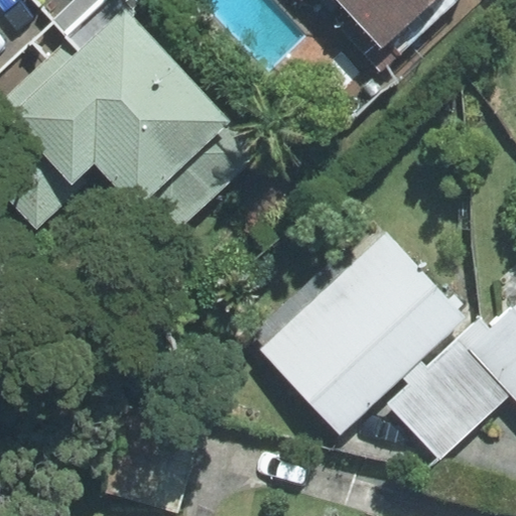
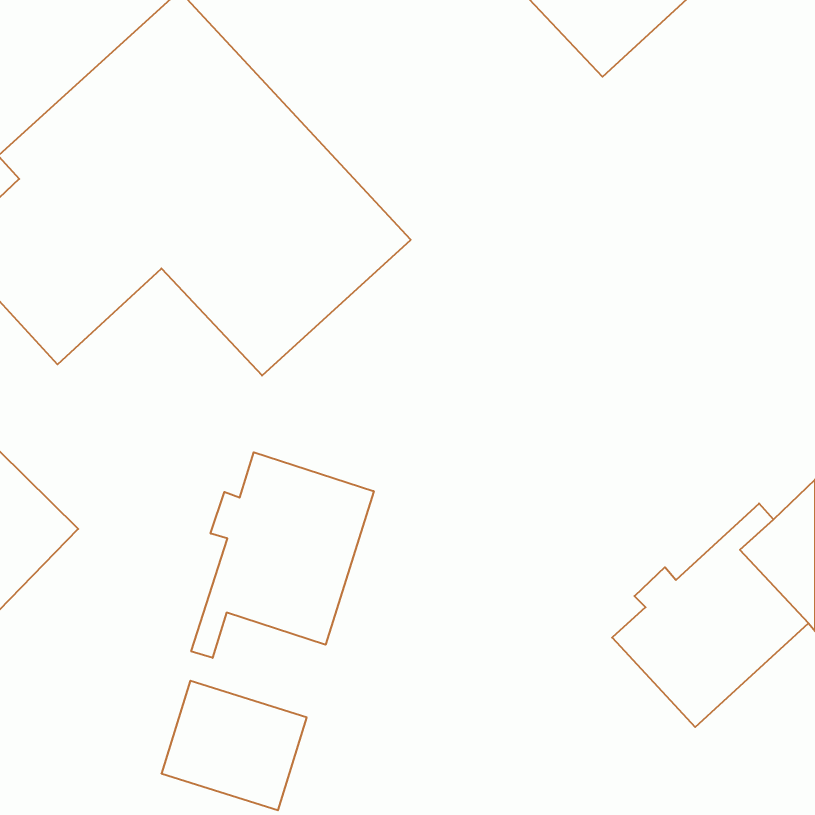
building: [261,232,465,432] -> none
building: none -> [191,452,374,658]

